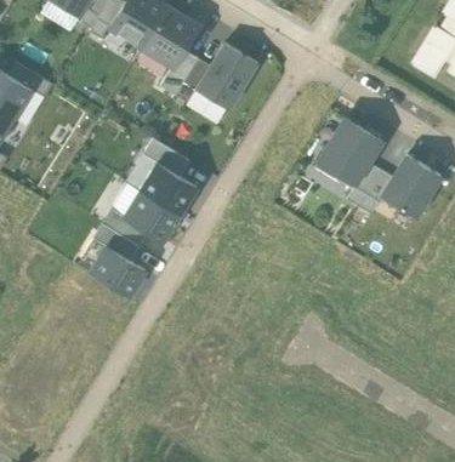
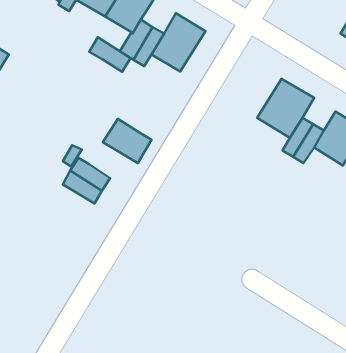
building: [143,138,190,178] -> [89,37,131,72]
building: [125,190,181,240] -> none
building: [90,246,146,297] -> none

